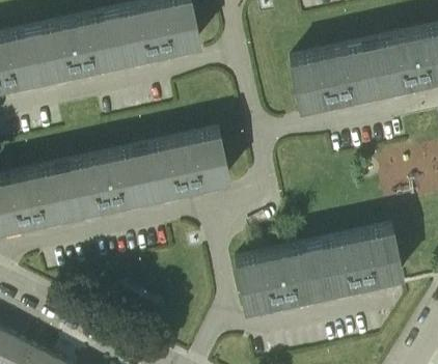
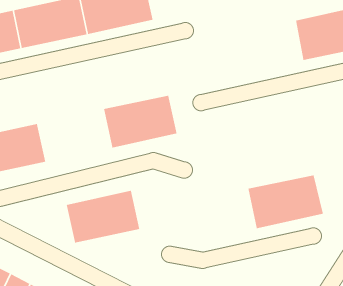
building: [286,39,378,106] -> none
building: [59,145,148,209] -> [66,190,140,243]
building: [231,241,322,307] -> none

